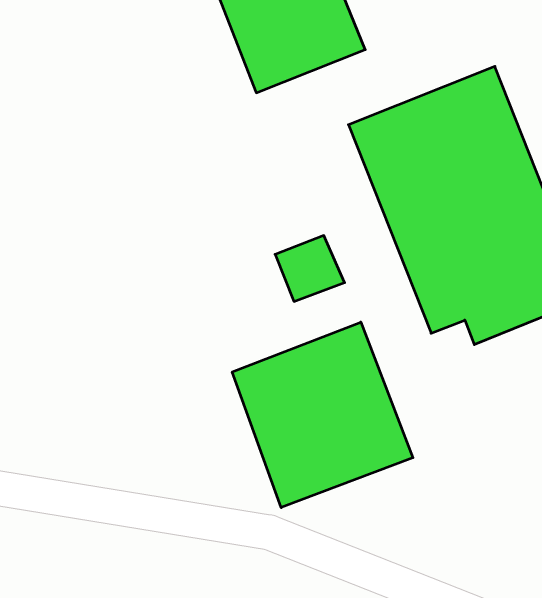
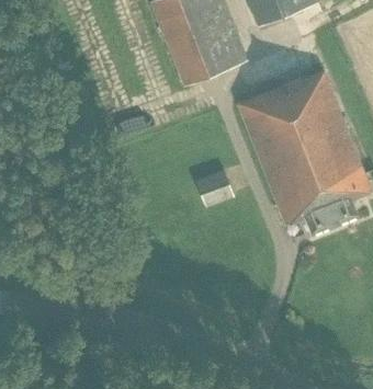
building: [232,322,413,508] -> none

